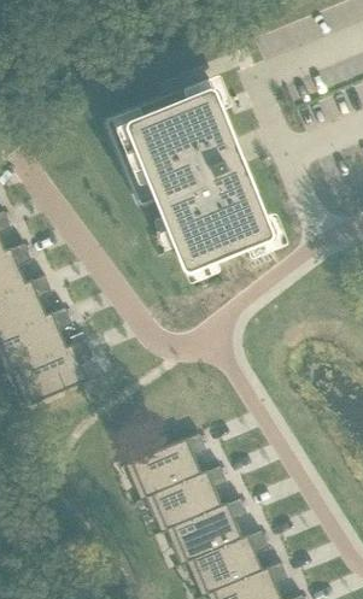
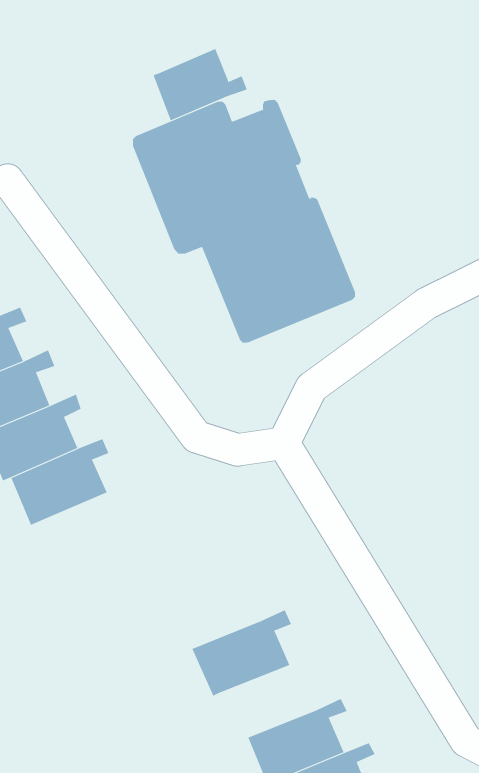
building: none -> [153,48,248,121]
building: [130,433,204,498] -> none
building: [171,498,245,562] -> none

